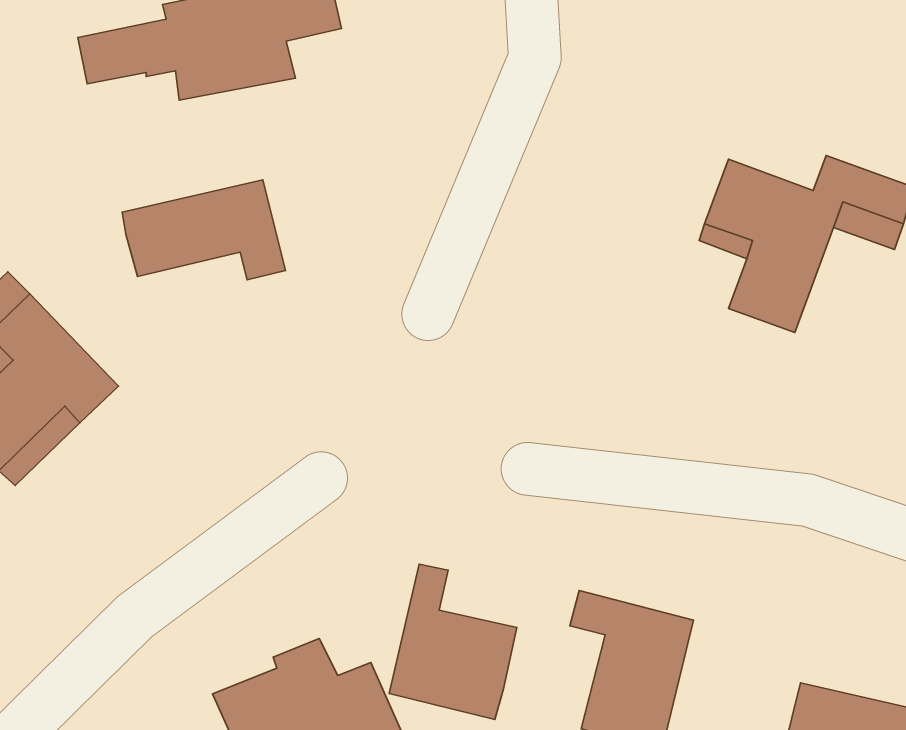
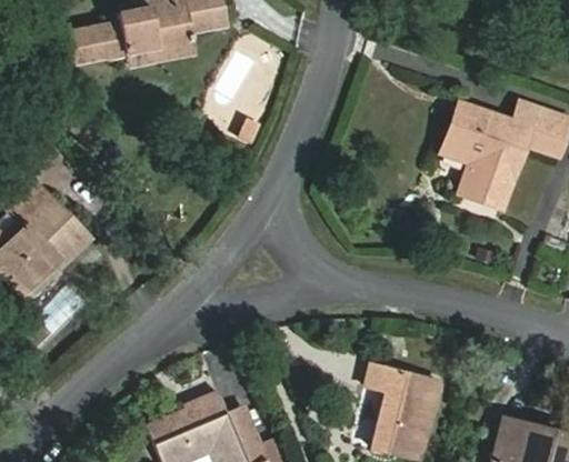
building: [122,180,285,280] -> none
building: [389,564,517,719] -> none

